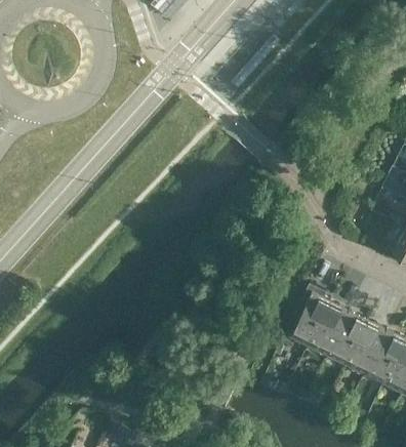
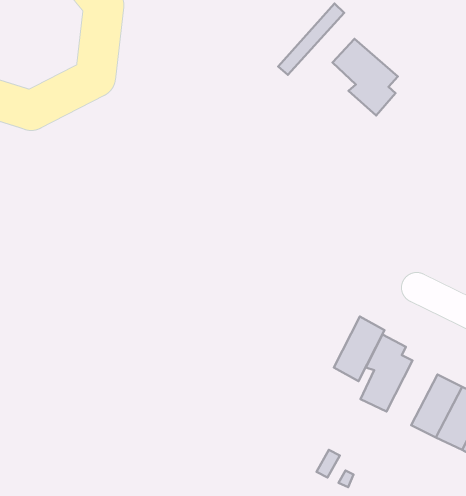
building: none -> [332,39,398,116]
building: [312,304,350,353] -> [334,317,385,381]

